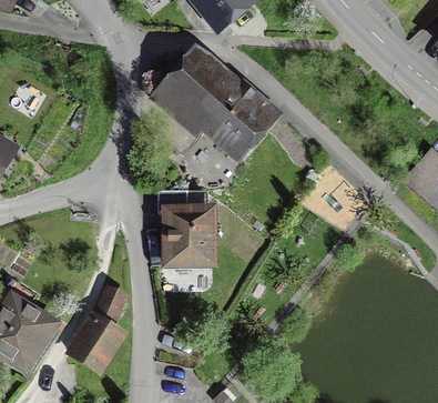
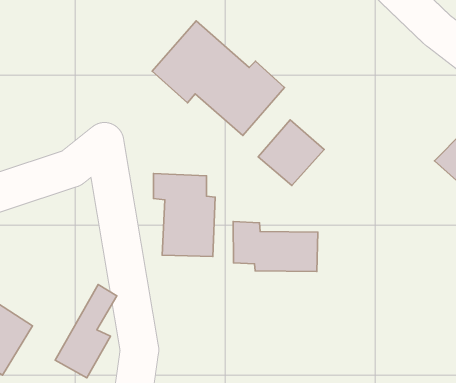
building: none -> [258,120,324,186]
building: none -> [233,222,318,271]

